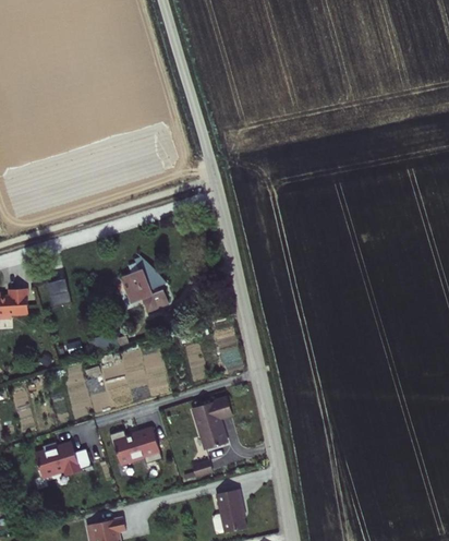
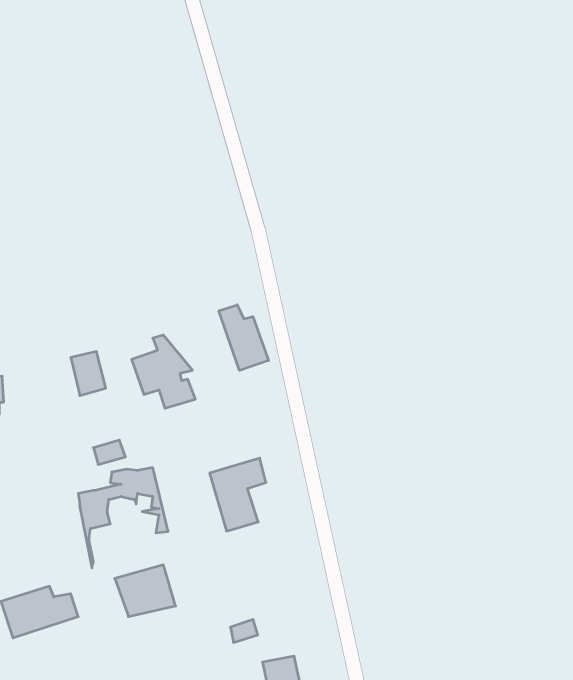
building: none -> [219,305,269,370]
building: [47,278,72,310] -> [71,352,106,396]
building: [192,396,232,448] -> [210,458,266,531]

